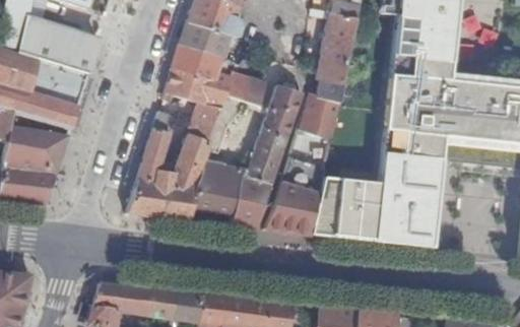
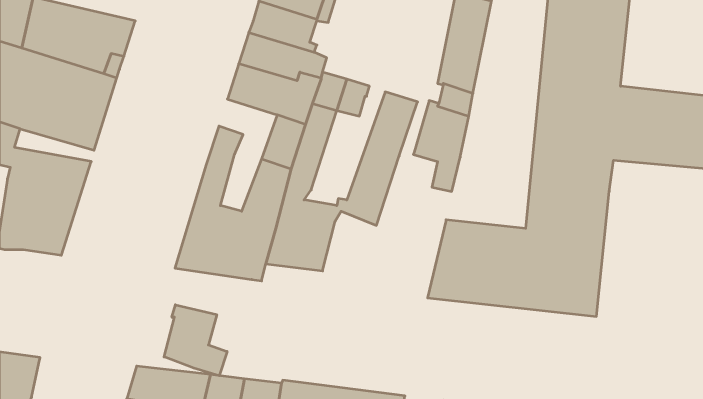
building: [265,155,325,233] -> none
building: [233,171,273,227] -> none
building: none -> [164,305,227,376]

